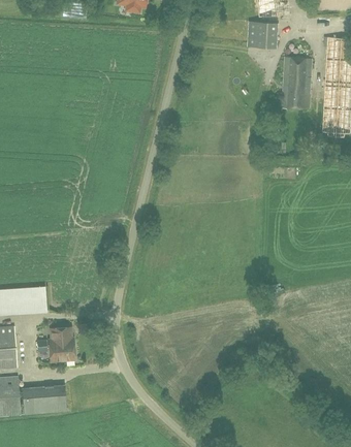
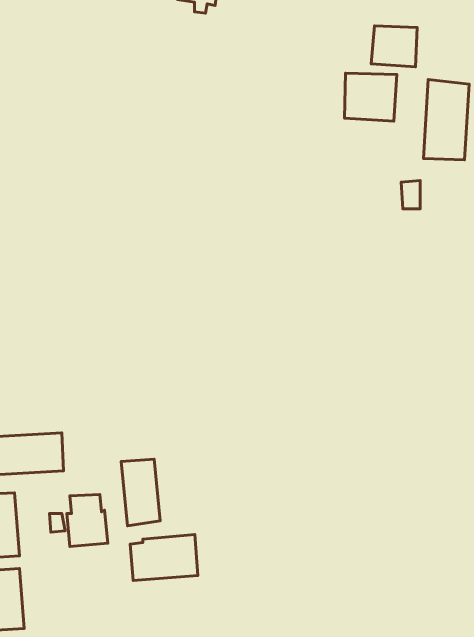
building: none -> [345,73,397,121]
building: none -> [121,459,160,526]
building: [22,384,66,414] -> [130,535,198,580]

